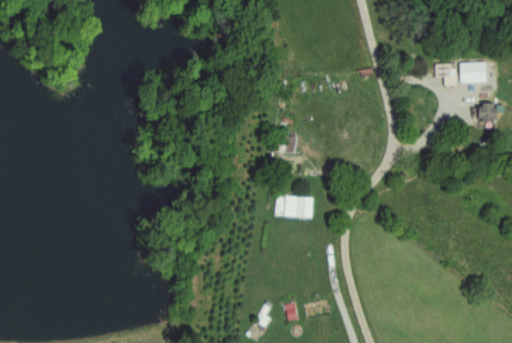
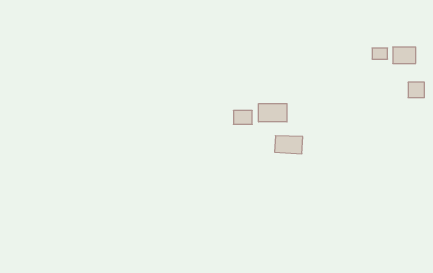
building: none -> [259,104,287,122]
building: [280,196,313,217] -> [275,136,303,154]

